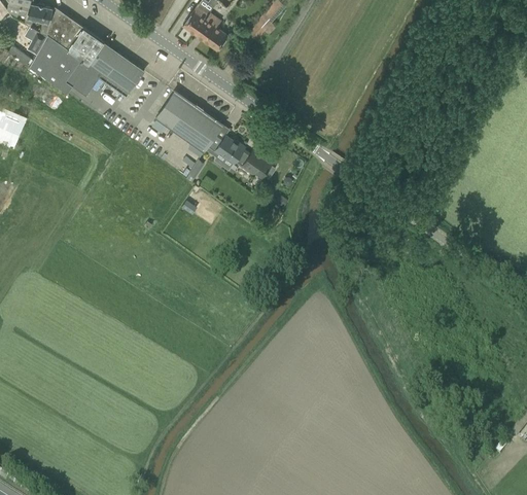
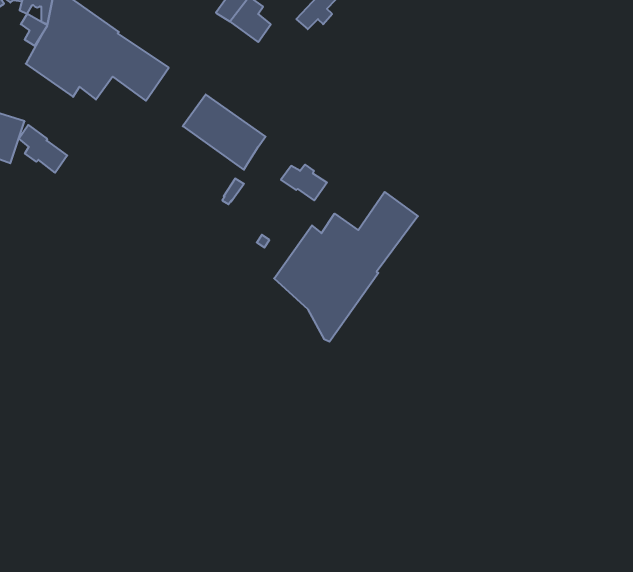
building: none -> [19,125,67,173]
building: [208,135,245,164] -> none
building: none -> [274,192,418,342]

